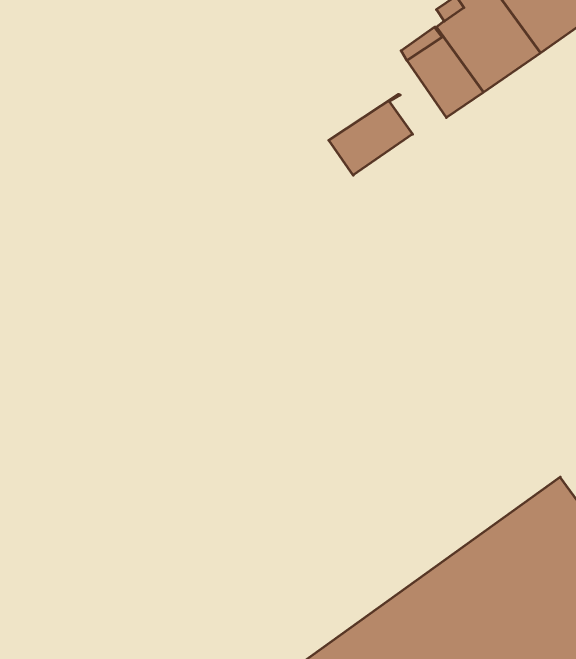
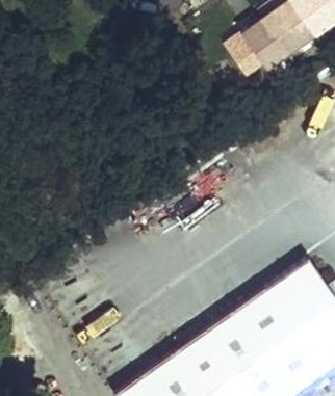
building: [329,94,413,175] -> none

